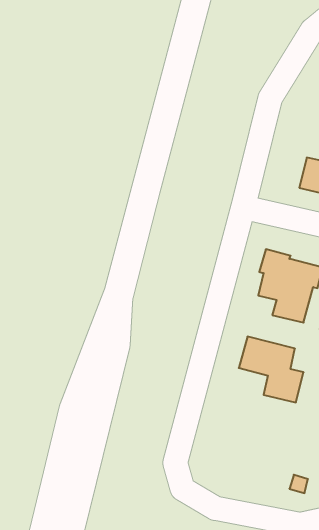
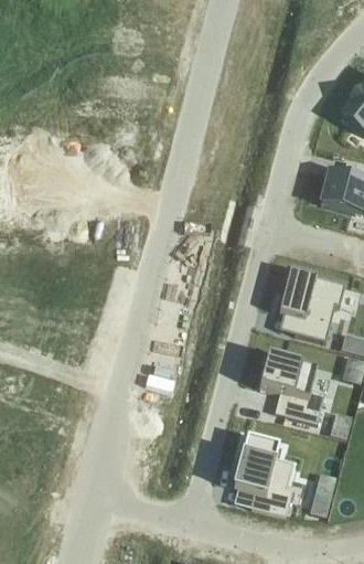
building: none -> [232,435,290,513]

